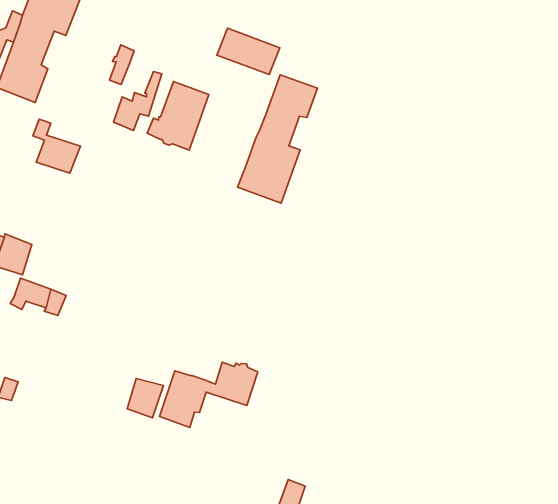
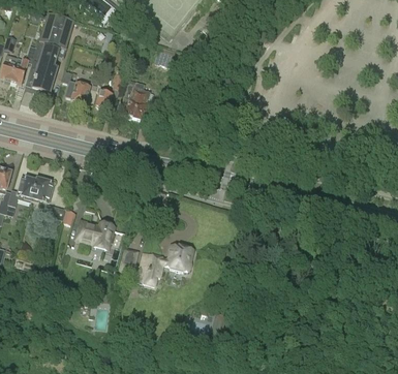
building: [238,75,317,203] -> none
building: [33,119,80,173] -> [62,70,91,101]
building: none -> [75,219,115,249]

